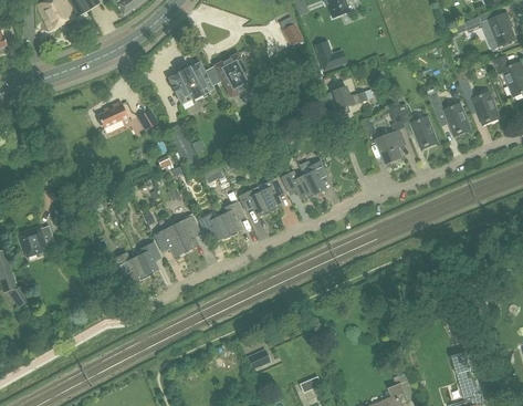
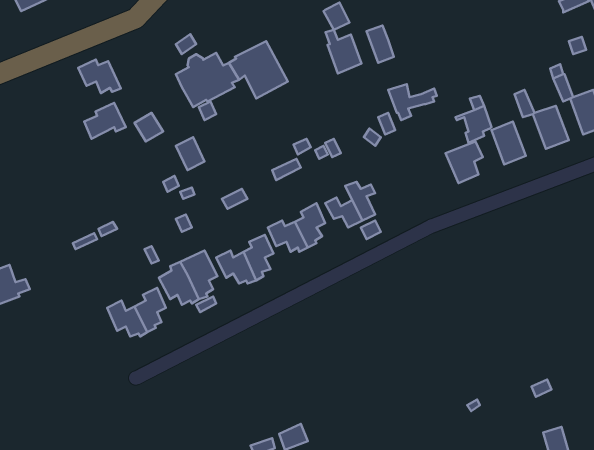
building: none -> [326,30,361,74]
building: none -> [78,60,121,93]

